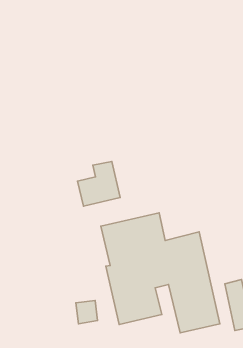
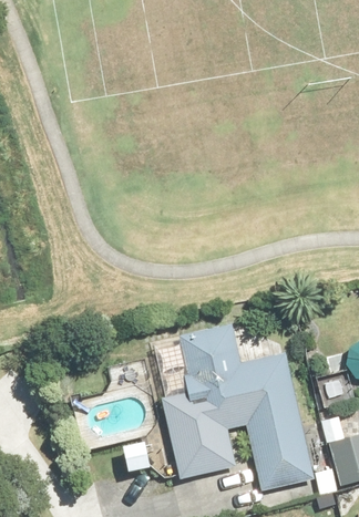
building: [77,161,120,206] -> none

